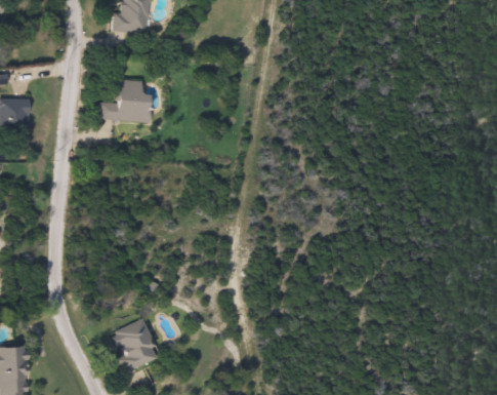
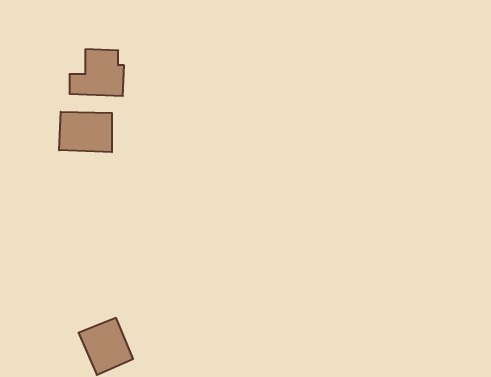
building: none -> [59,112,112,152]

